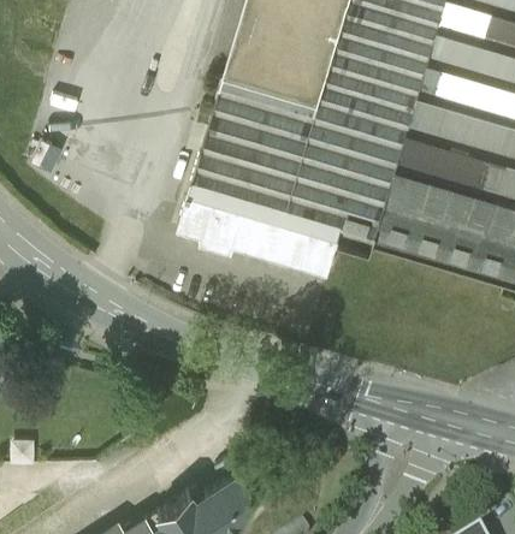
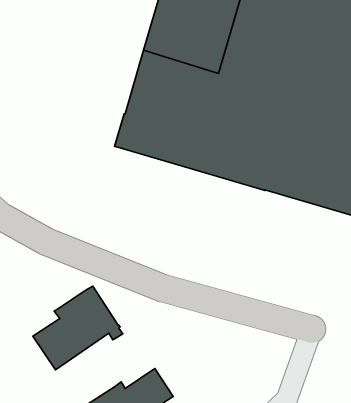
building: [179,190,374,269] -> none
building: none -> [33,286,123,370]

